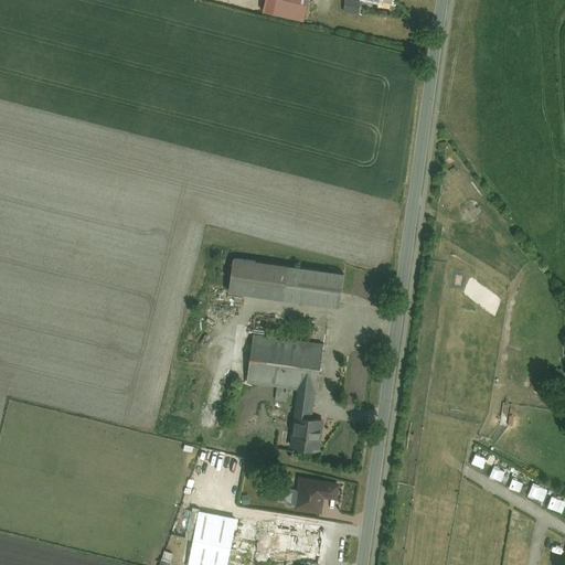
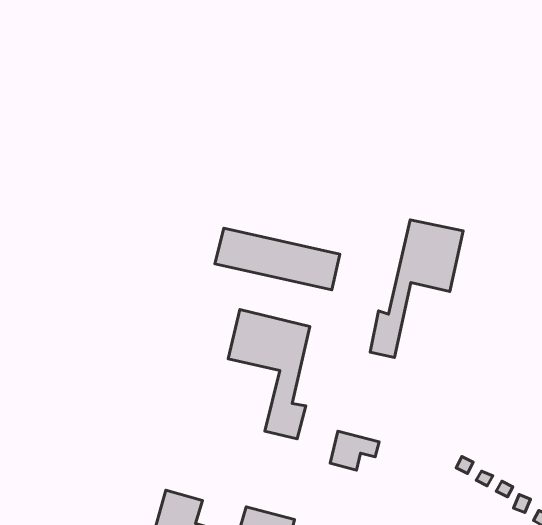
building: none -> [370,220,463,357]
building: [295,478,339,513] -> [330,431,379,470]

